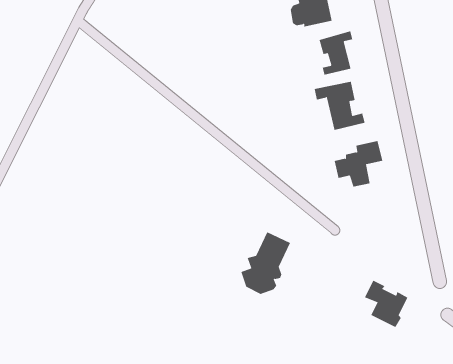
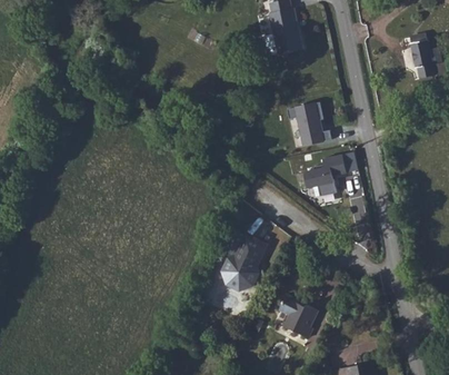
building: [319,31,353,76] -> none
building: [364,280,408,328] -> [278,295,317,337]

